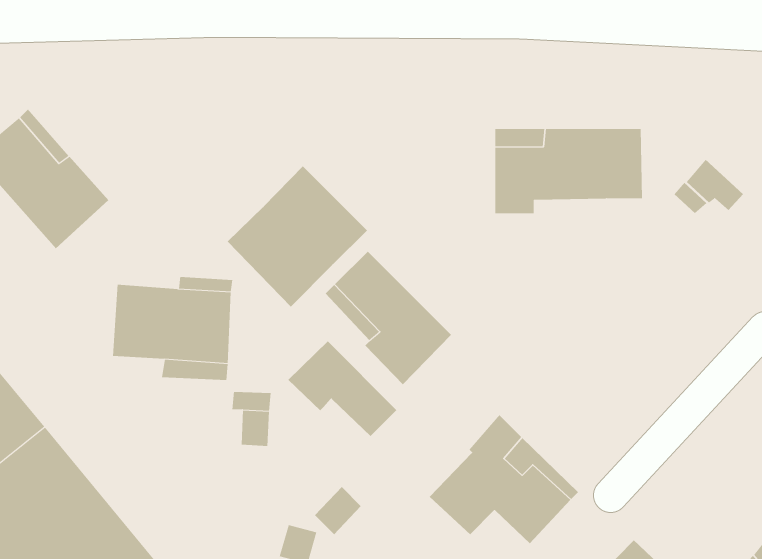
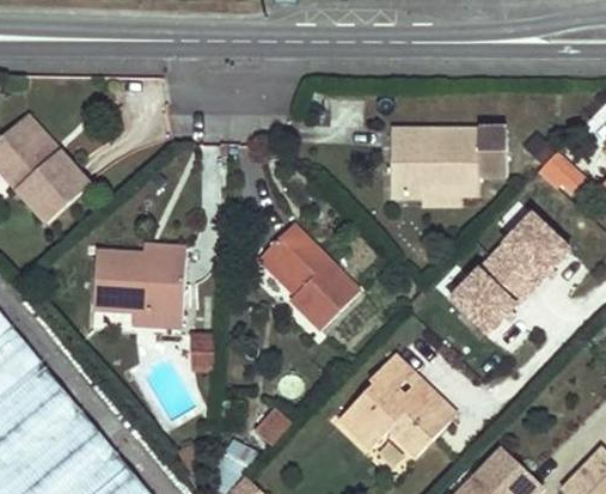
building: [227,166,368,308] -> none
building: none -> [440,200,570,337]
building: [287,341,397,437] -> none

